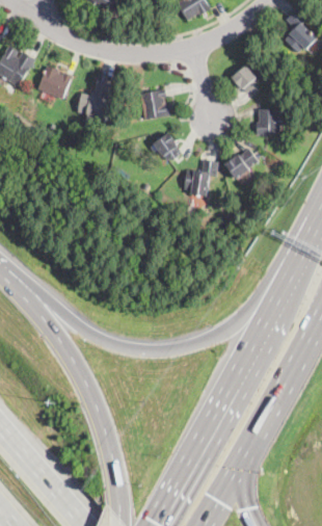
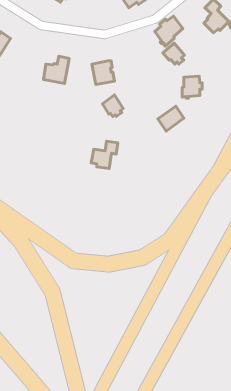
building: none -> [155,16,183,46]
building: [36,65,71,99] -> none
building: [183,160,217,195] -> [91,141,118,169]

